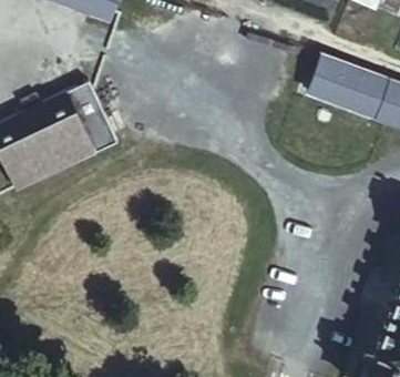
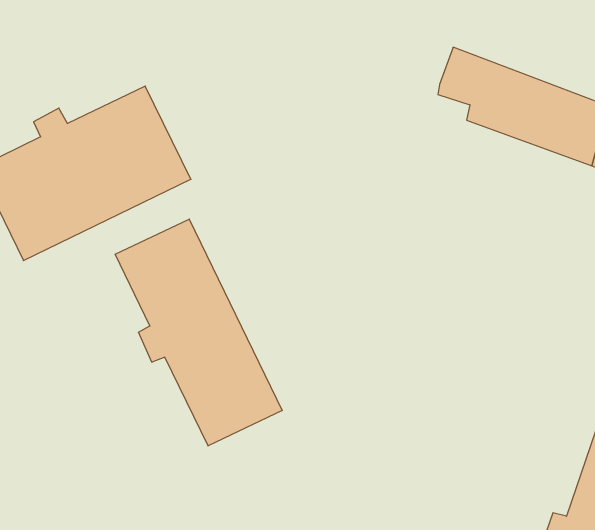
building: none -> [115,219,282,446]

